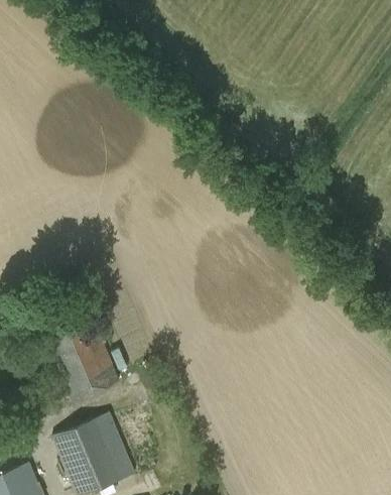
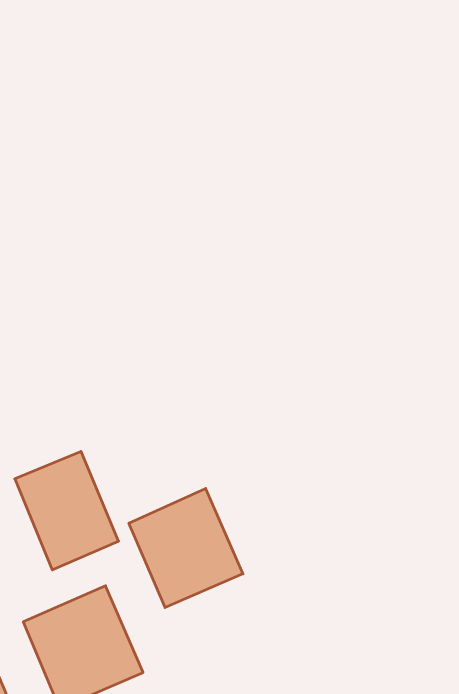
building: none -> [129,488,243,608]

